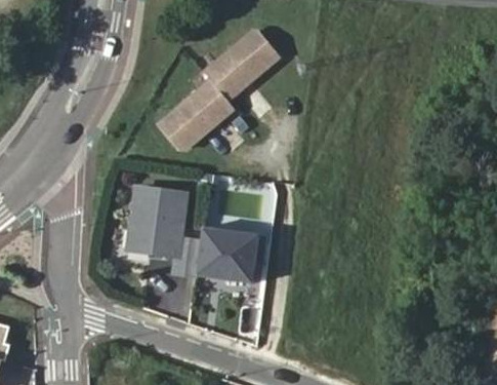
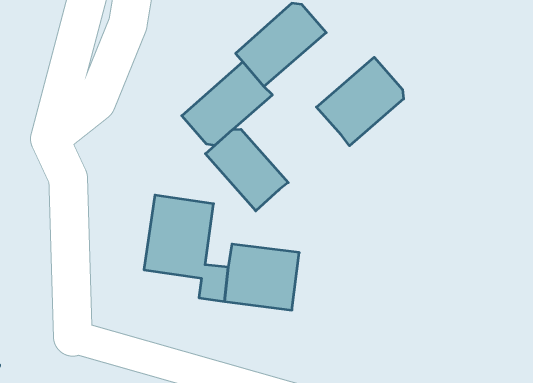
building: none -> [316,57,404,146]
building: none -> [205,129,288,211]

